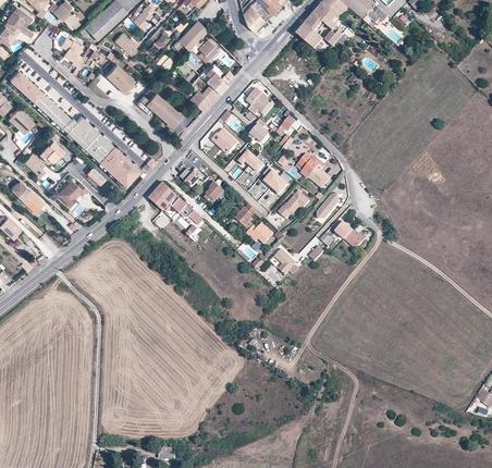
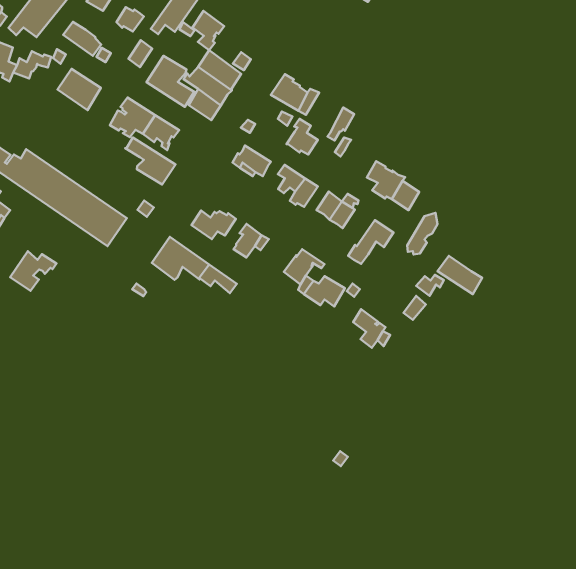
building: none -> [146,56,195,107]
building: none -> [125,137,175,185]

